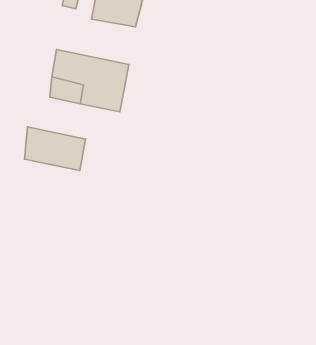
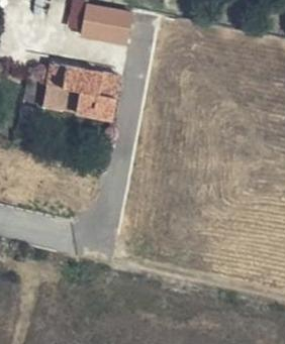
building: [24,127,86,170] -> none

